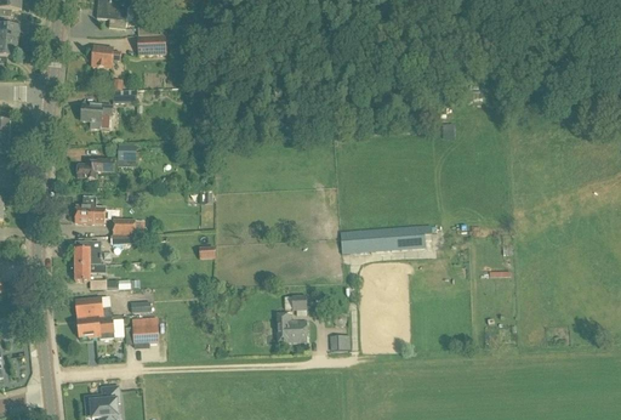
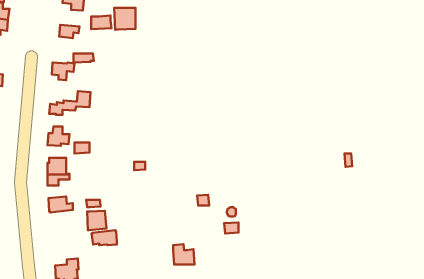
building: none -> [114,8,136,30]
building: [340,225,425,252] -> none
building: [277,312,307,341] -> [173,244,194,264]
building: [76,316,113,337] -> [92,230,117,245]

